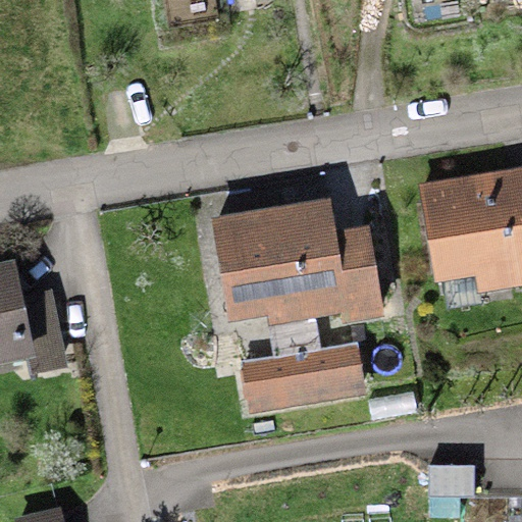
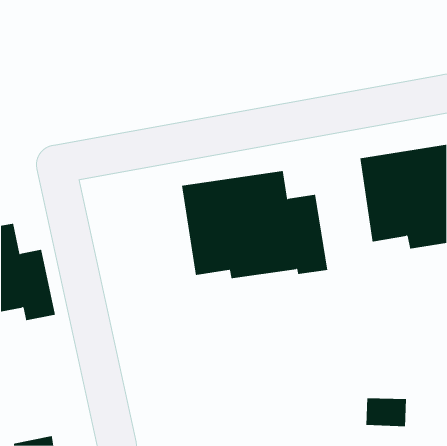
building: [241,343,364,412] -> none

